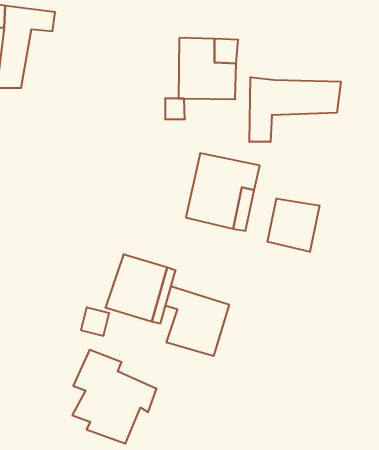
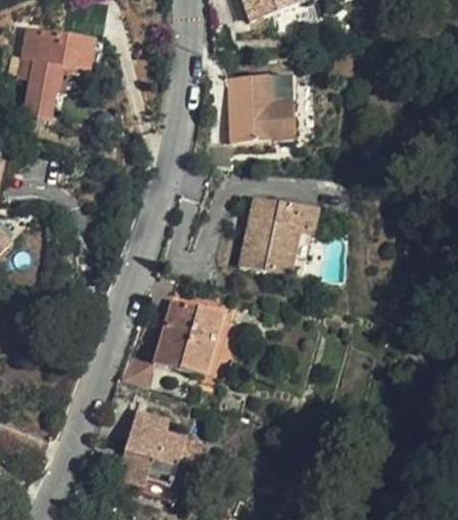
building: [249,77,341,142] -> none
building: [268,198,319,252] -> none
building: [165,286,229,356] -> none

